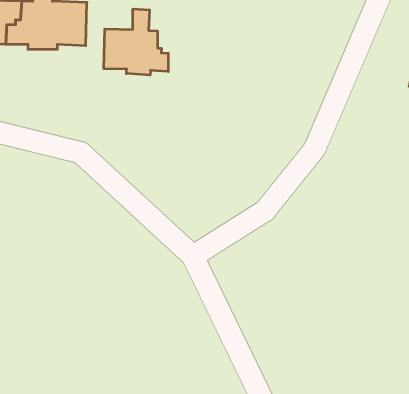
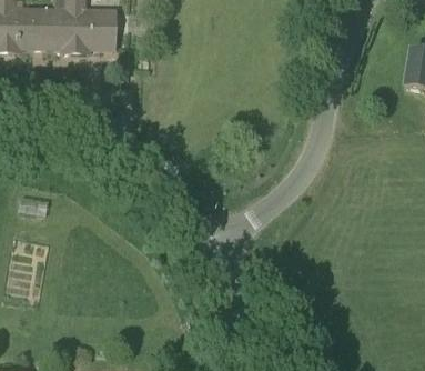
building: [104,9,168,75] -> none

